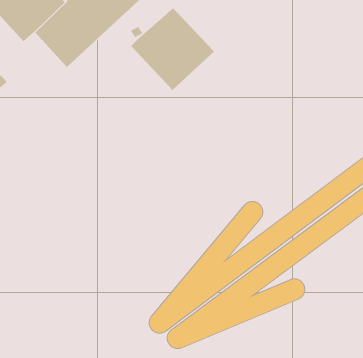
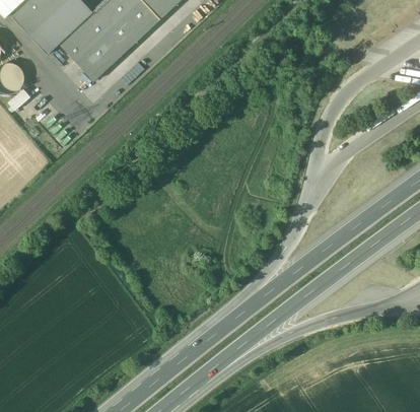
building: [131,7,215,91] -> none

